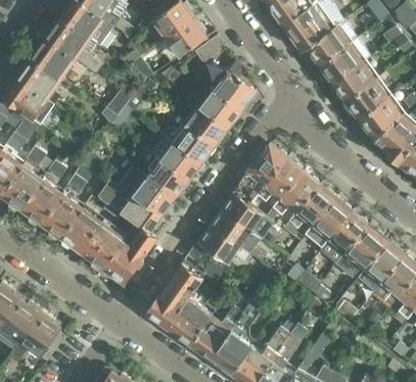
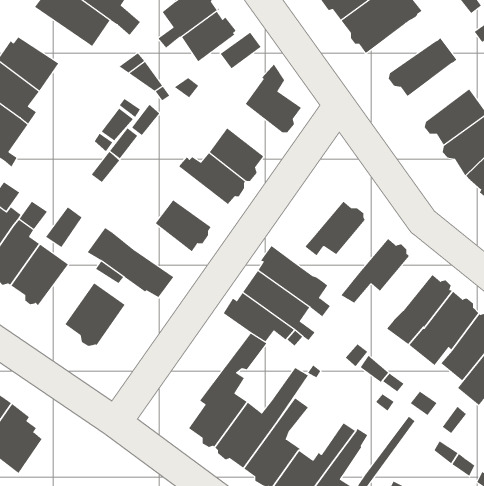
building: [44,17,103,75] -> none
building: [303,20,358,66] -> none
building: [333,59,379,102] -> none
building: [200,89,241,129] -> none
building: [151,135,201,180] -> none
building: [233,146,286,205] -> none
building: [119,166,175,217] -> none
building: [267,175,319,223] -> none
building: [308,201,352,248] -> none
building: [61,207,102,251] -> none
building: [104,227,156,287] -> none
building: [148,243,218,328] -> none

